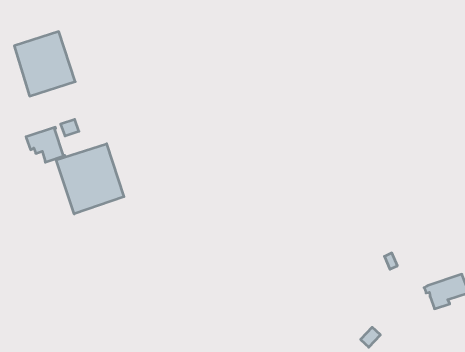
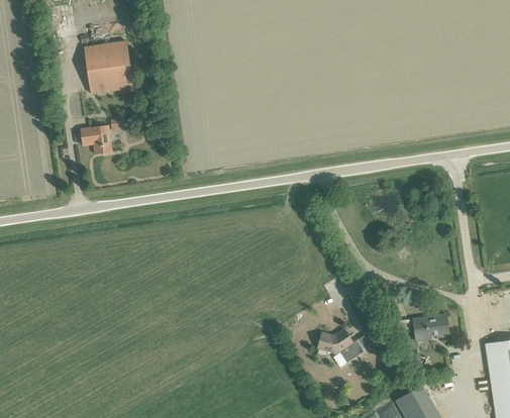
building: [56,144,124,214] -> none
building: none -> [317,329,353,353]

